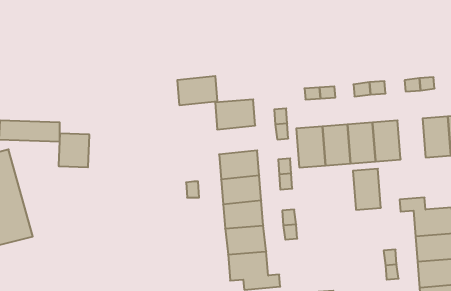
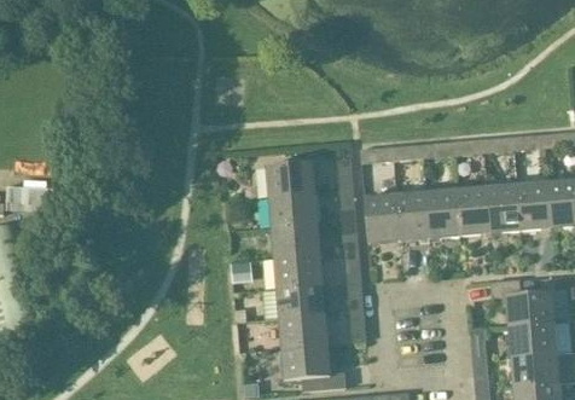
building: [177,76,217,105] -> [269,192,318,227]
building: [59,133,89,167] -> none
building: [353,169,381,210] -> [487,184,521,233]

